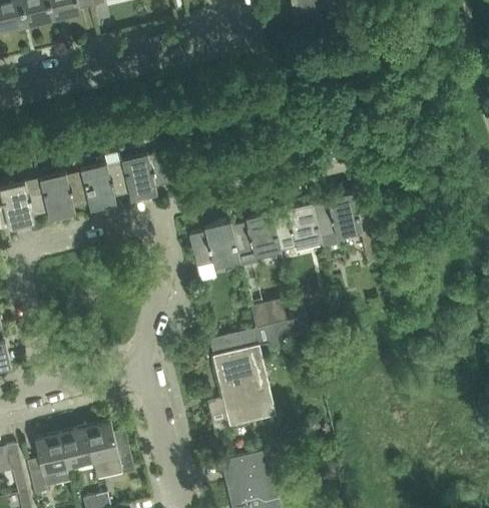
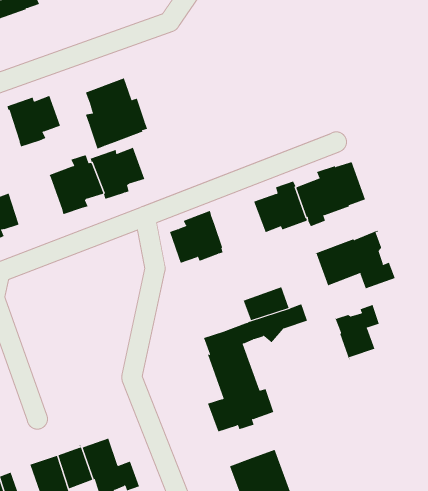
building: none -> [85,78,148,150]
building: [41,173,90,219] -> [6,95,61,147]
building: [231,211,281,267] -> none
building: none -> [312,230,395,289]
building: none -> [334,304,380,361]

